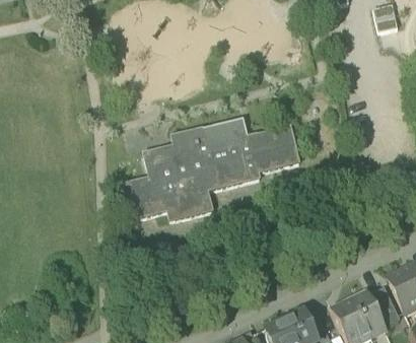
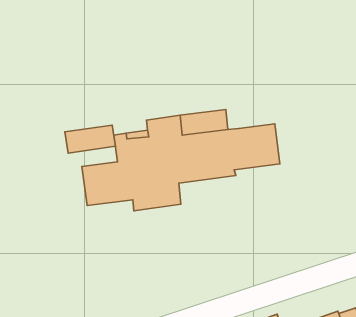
building: none -> [65,125,115,153]

